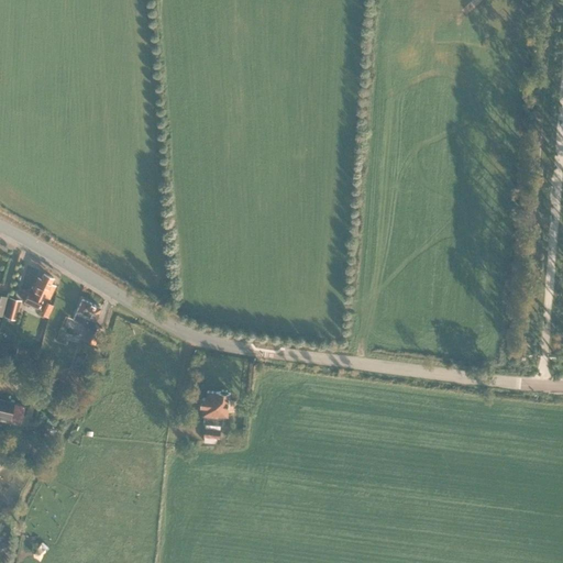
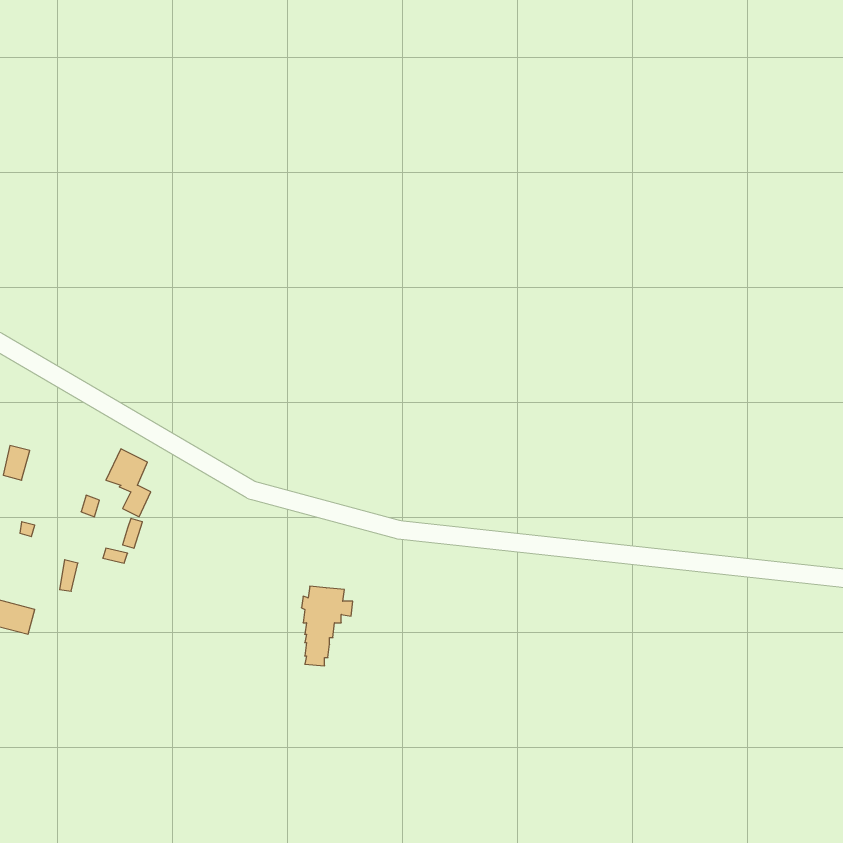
building: [21,274,53,309] -> none

